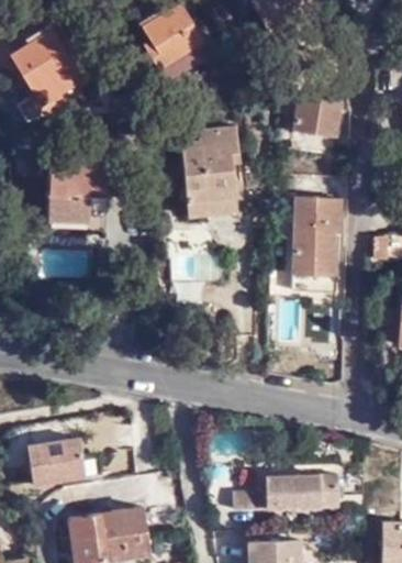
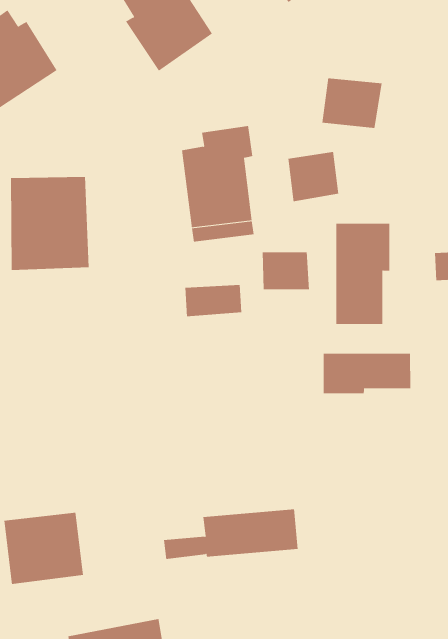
building: none -> [288,151,339,202]
building: none -> [262,251,309,290]
building: none -> [323,353,411,394]
building: [234,474,339,508] -> [163,509,298,559]

